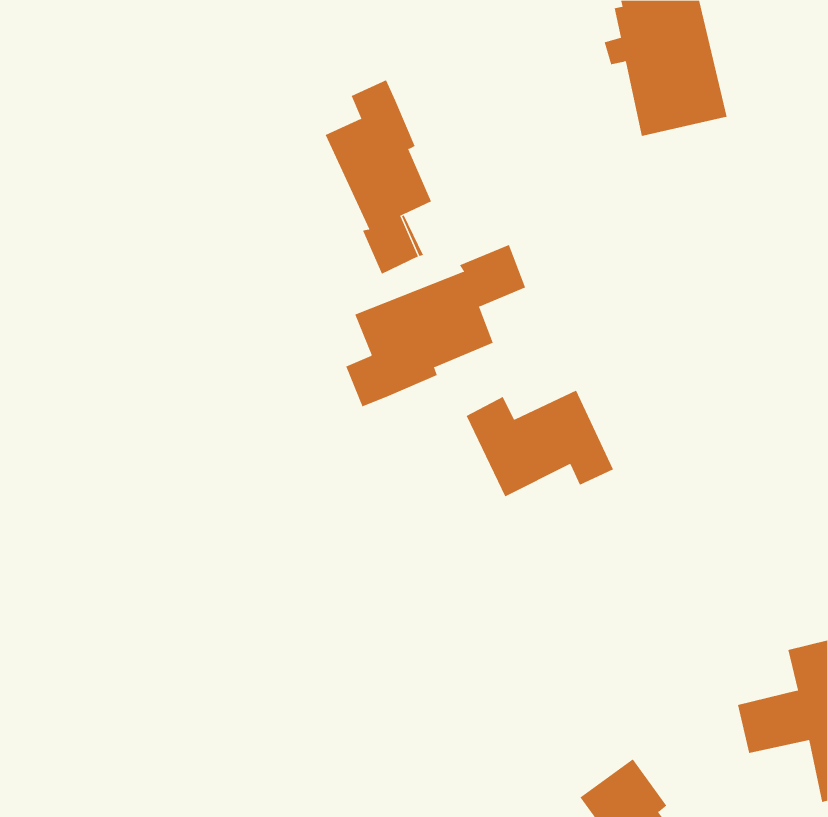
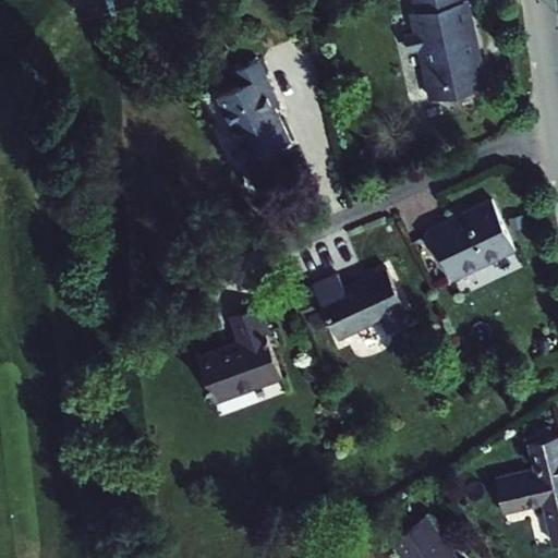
building: [345,244,526,407] -> none
building: none -> [424,203,517,282]
building: none -> [198,307,282,403]

